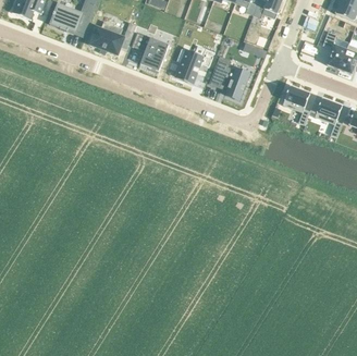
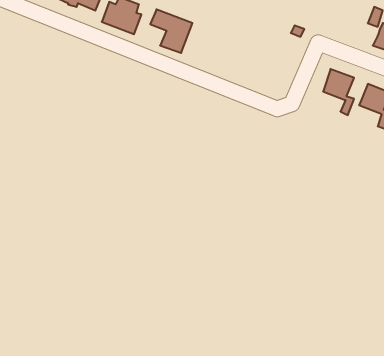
building: [176,48,214,83] -> none
building: [210,63,250,100] -> none

